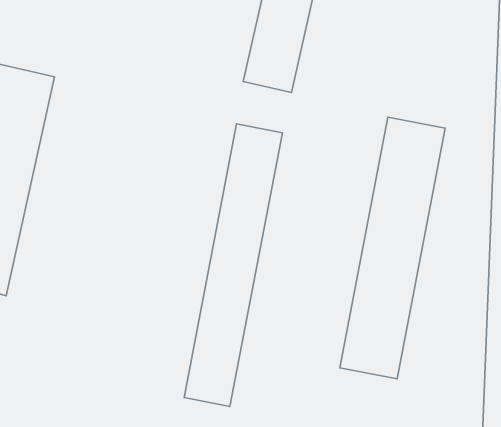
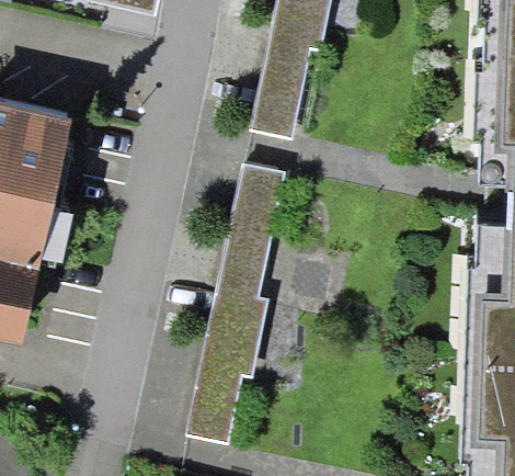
building: [340,117,445,379] -> none

